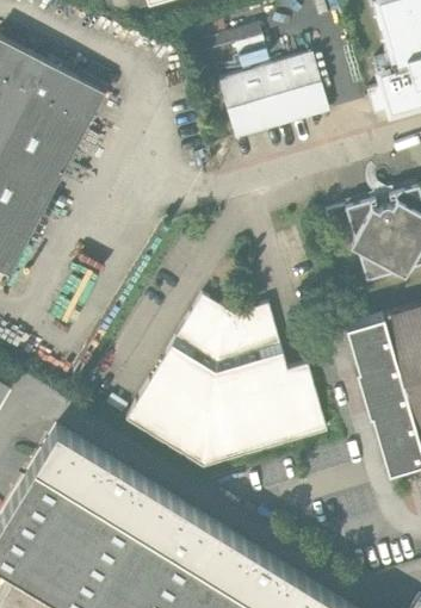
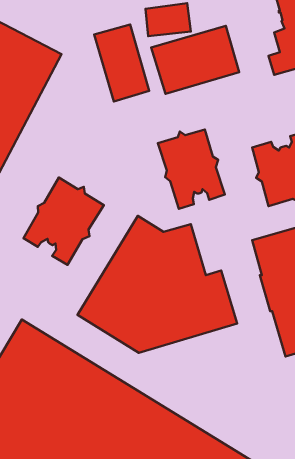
building: none -> [94,25,149,101]
building: none -> [158,129,225,209]
building: none -> [23,177,104,265]

